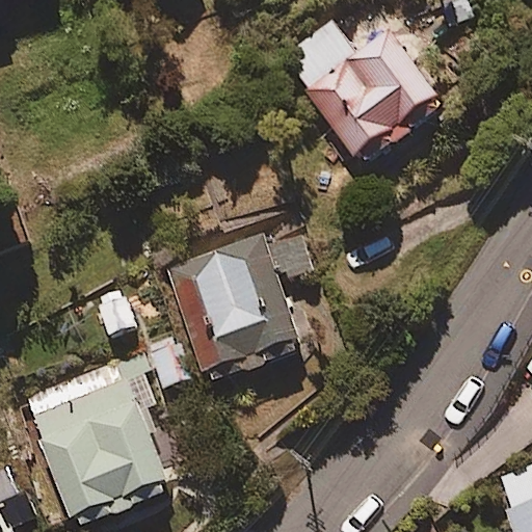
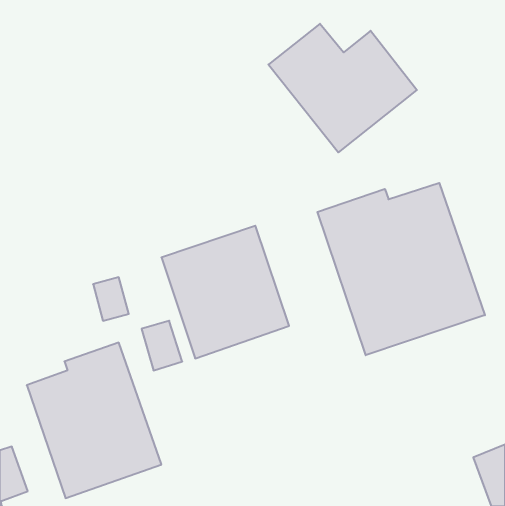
building: none -> [317,183,485,355]

